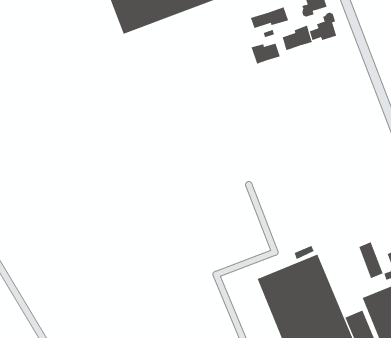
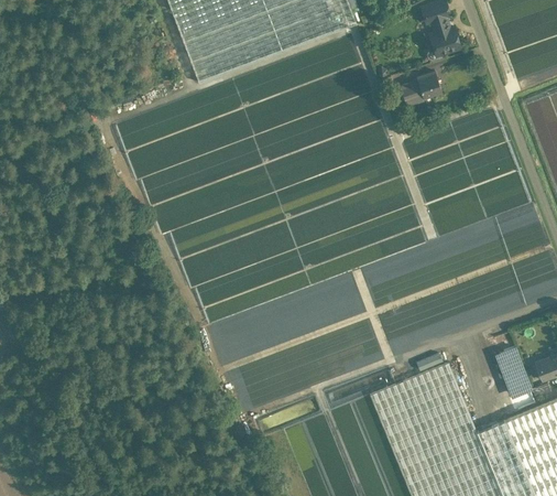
building: [250,7,289,29] -> none
building: [309,12,337,41] -> none
building: [251,43,280,65] -> none

